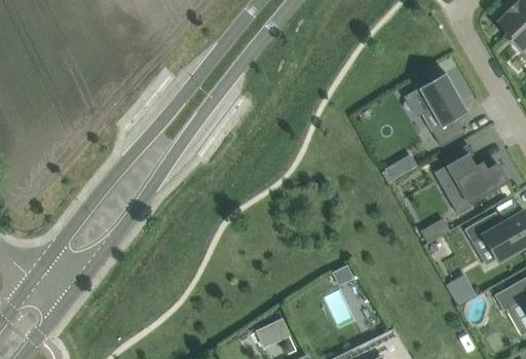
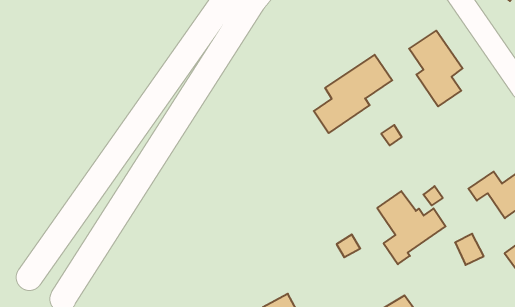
building: none -> [314,55,392,133]
building: [443,144,508,215] -> [377,191,446,264]

